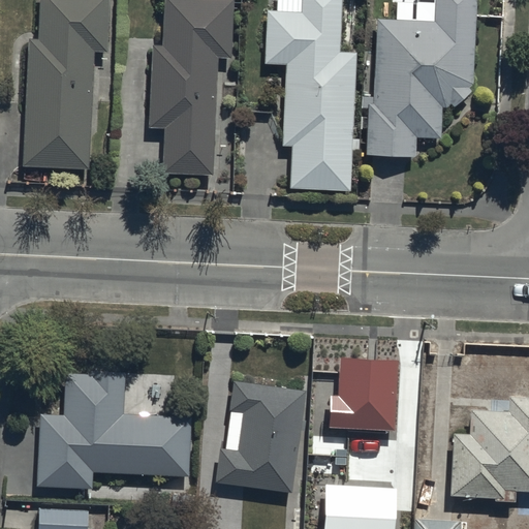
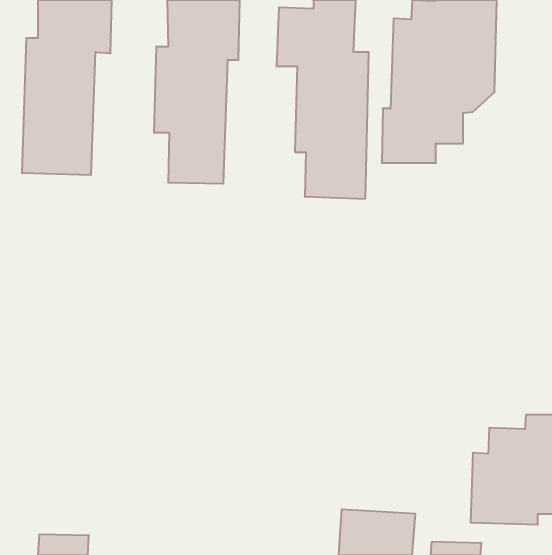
building: [331,359,401,431] -> none
building: [41,377,194,491] -> none
building: [214,378,304,492] -> none

